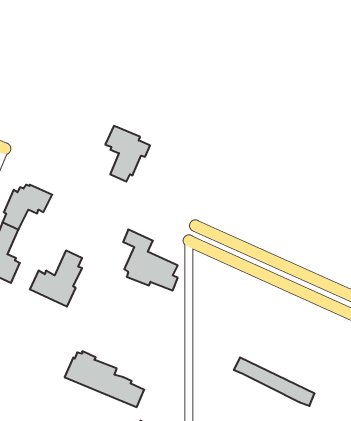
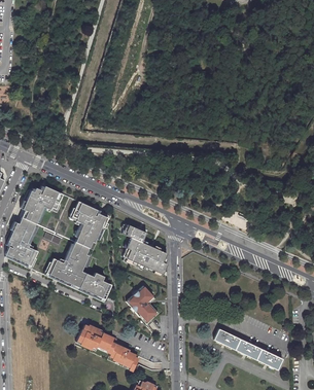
building: [105,126,150,182] -> [72,200,109,246]
building: none -> [77,271,111,298]
building: none -> [125,286,158,323]

